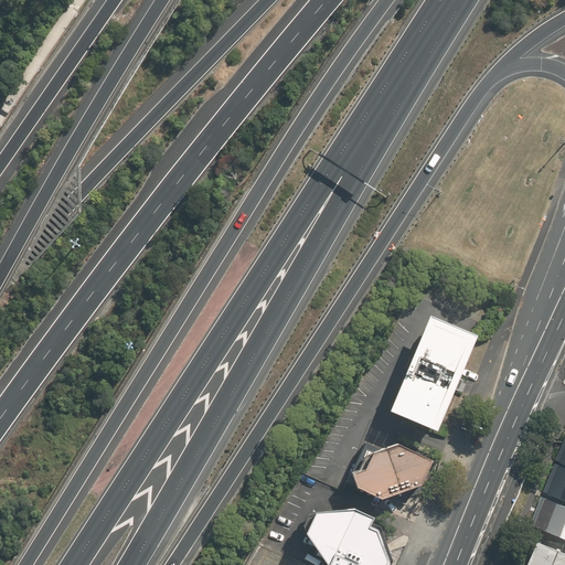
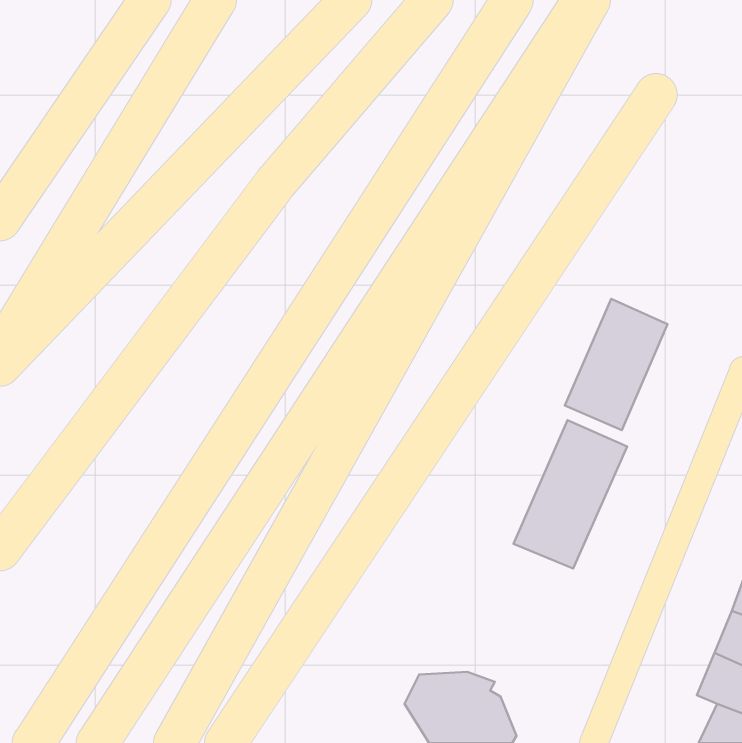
building: none -> [565,299,667,430]
building: [351,441,431,500] -> none

